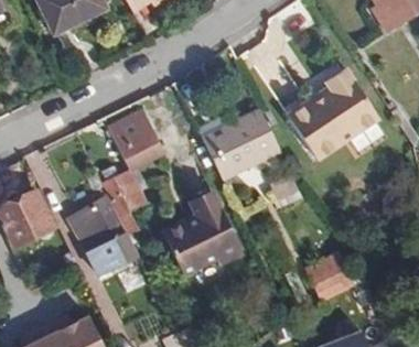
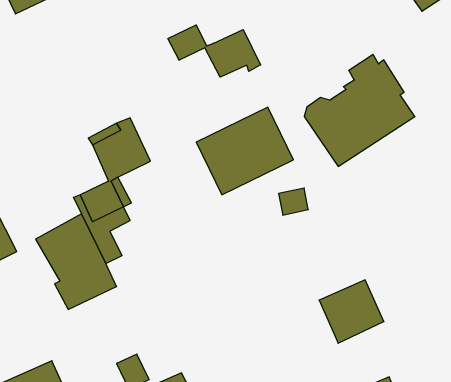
building: none -> [168,25,261,77]
building: [163,192,243,274] -> none

